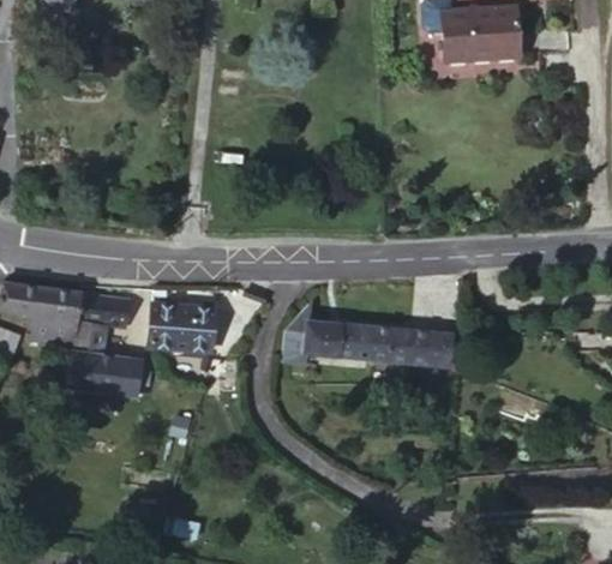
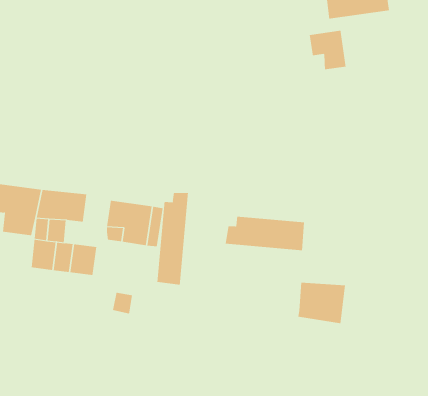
building: none -> [309,30,346,70]
building: none -> [157,192,189,285]
building: [396,328,455,378] -> [298,282,346,324]

